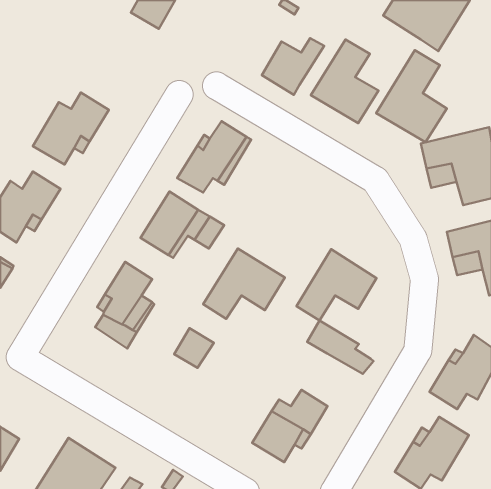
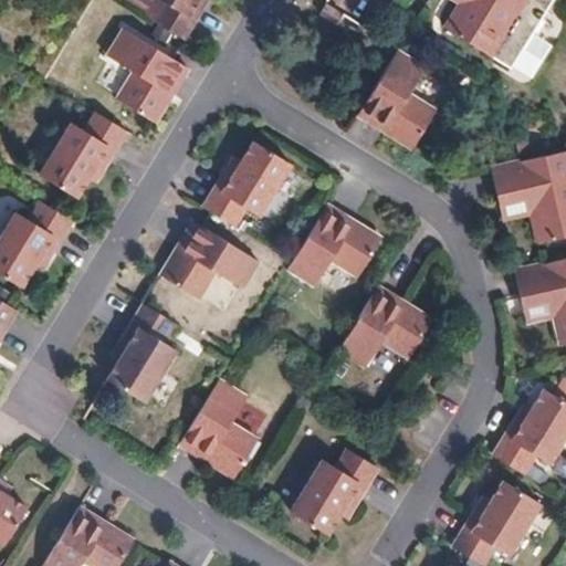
building: none -> [107,29,187,119]
building: [262,38,324,95] -> none
building: [376,50,447,142] -> none
building: [203,248,285,319] -> [290,208,384,289]
building: [307,321,374,374] -> none
building: none -> [180,410,256,479]

